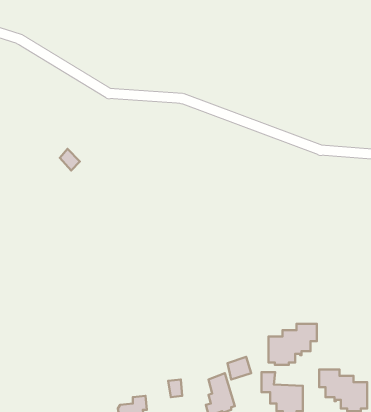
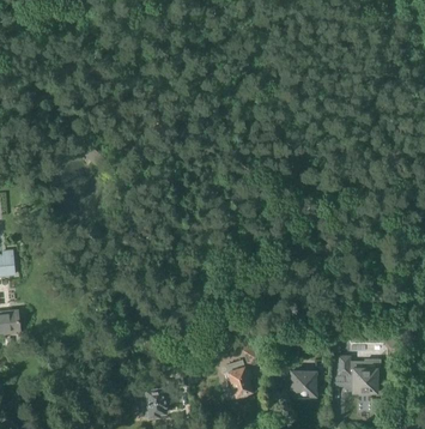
building: [268,324,317,365] -> none

